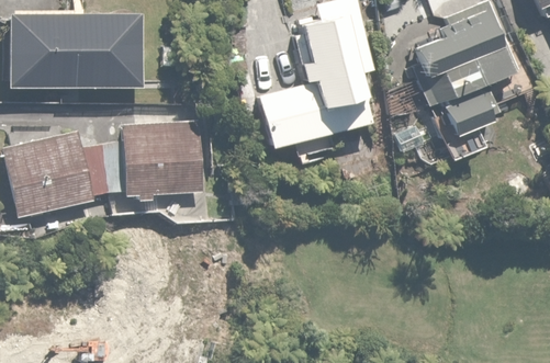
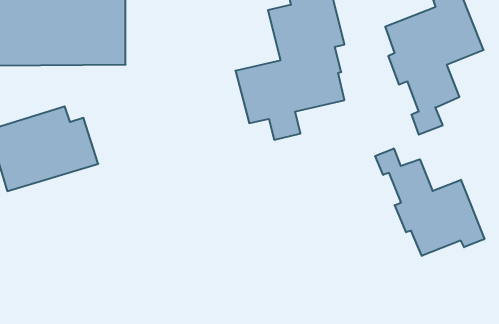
building: [123,122,220,196] -> none
building: none -> [375,148,484,256]

